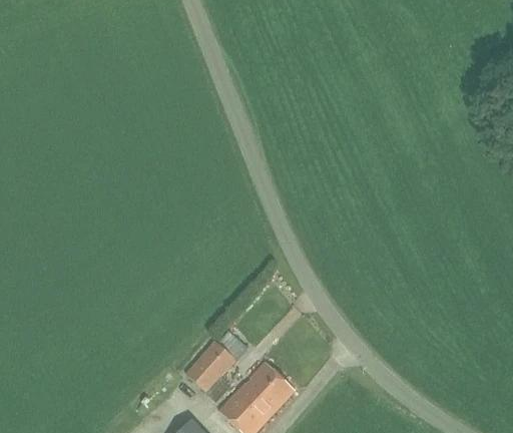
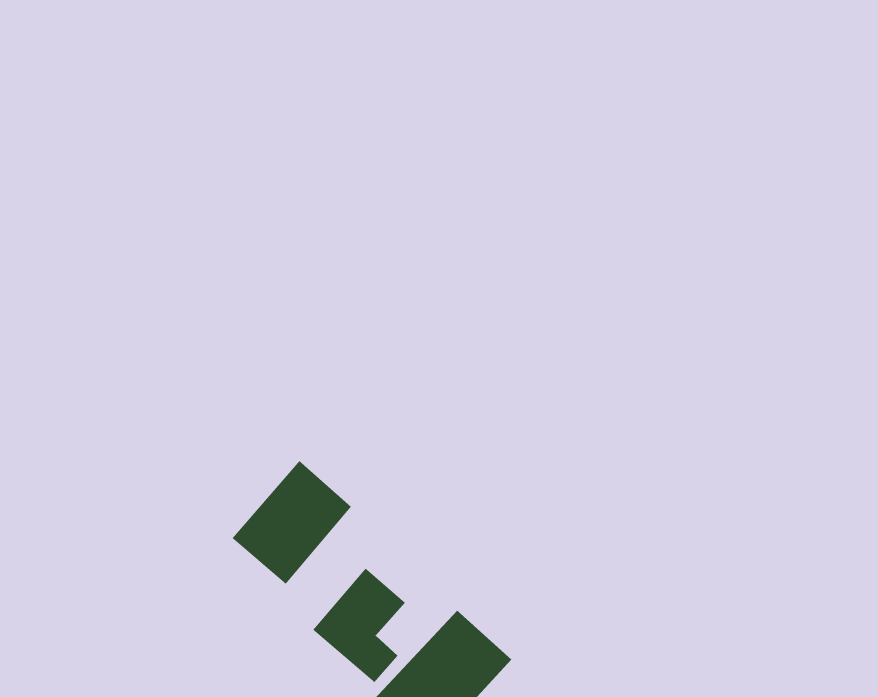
building: none -> [231,460,352,585]

